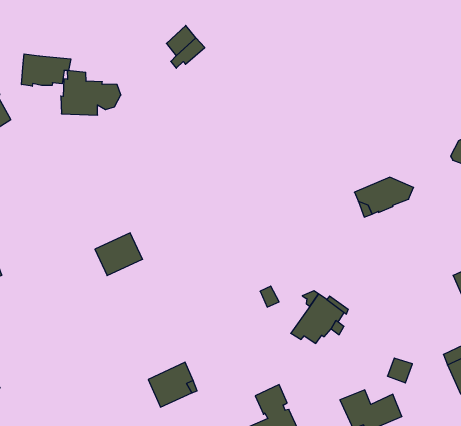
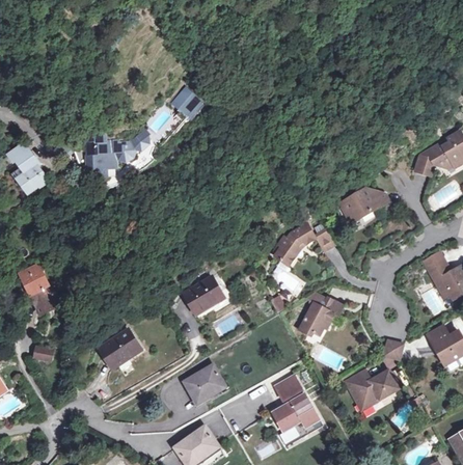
building: [22,54,71,86] -> none
building: none -> [272,224,331,267]
building: [95,233,143,276] -> [183,275,223,312]
building: none -> [99,329,139,367]

